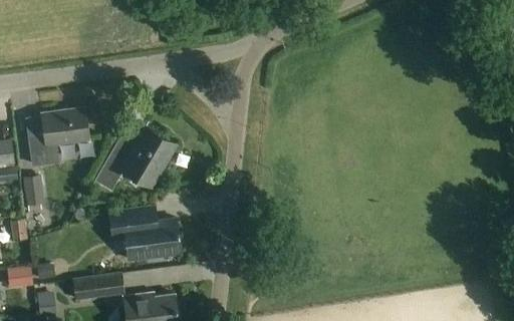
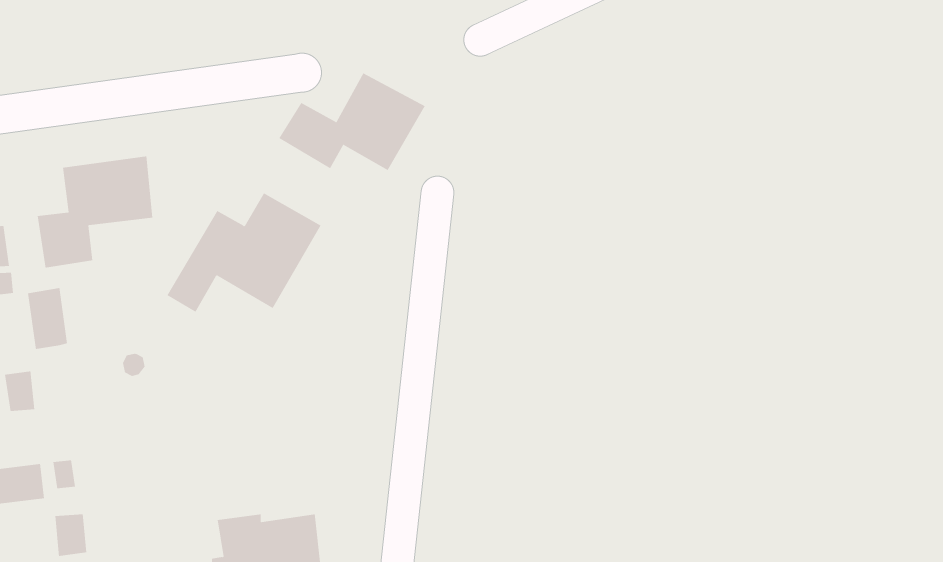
building: none -> [279,72,426,171]
building: [109,205,181,259] -> none
building: [72,273,125,301] -> none

